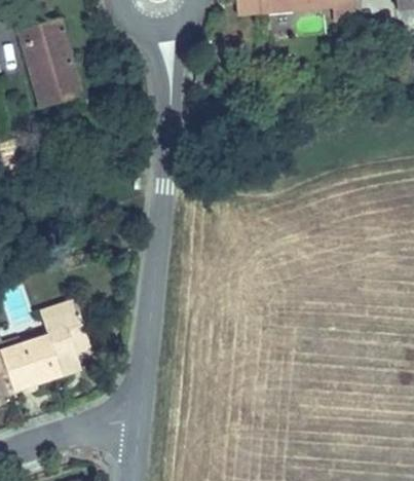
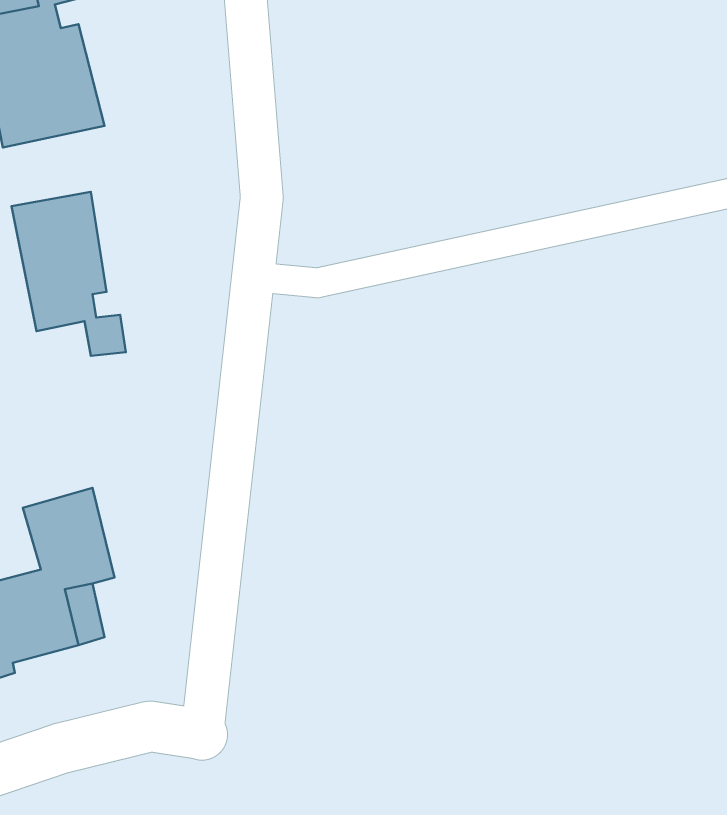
building: none -> [12,192,126,356]

